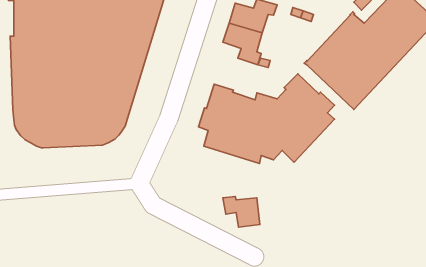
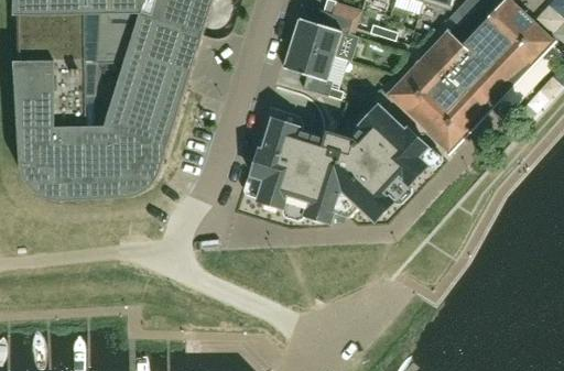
building: [223,196,260,227] -> none

